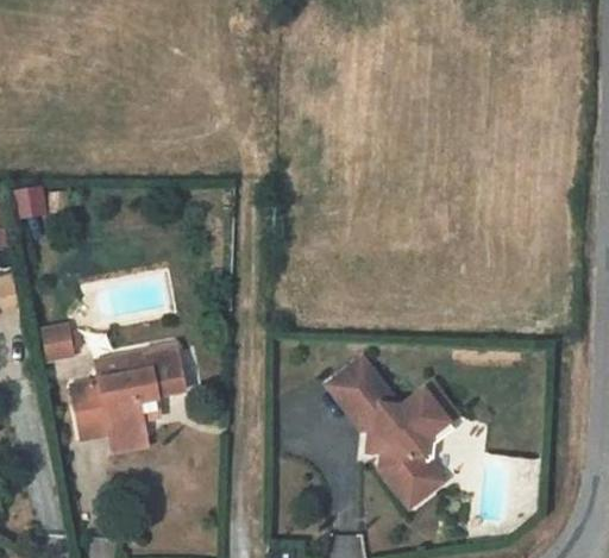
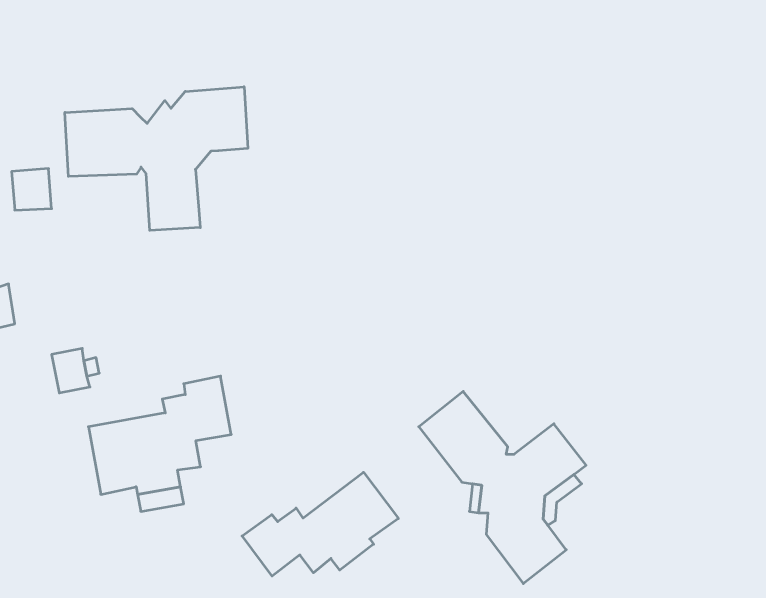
building: none -> [65,87,248,230]
building: none -> [242,472,398,576]

